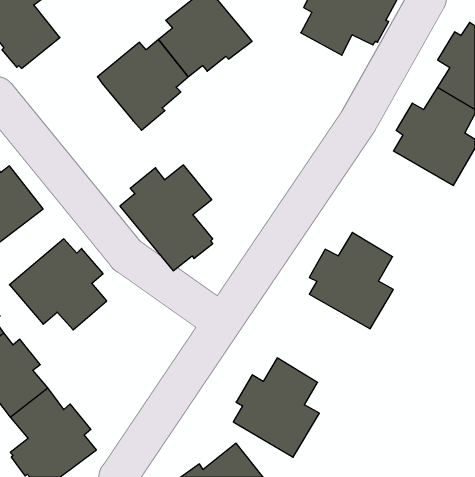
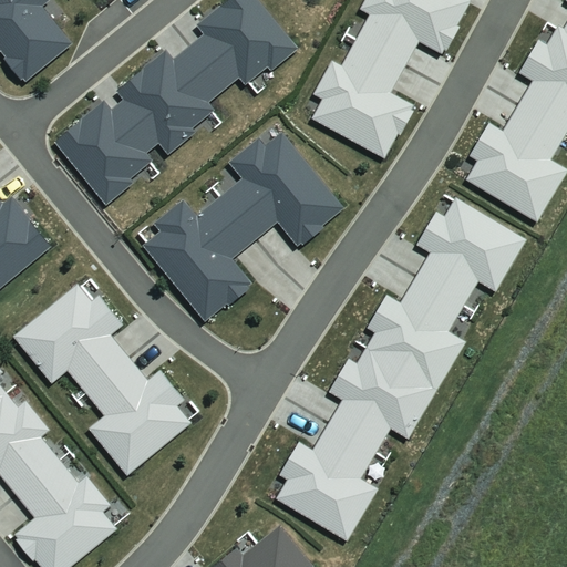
building: none -> [310,39,413,158]
building: none -> [52,99,157,205]
building: none -> [217,131,344,245]
building: none -> [416,198,526,303]
building: none -> [328,348,437,452]
building: none -> [86,355,192,475]

